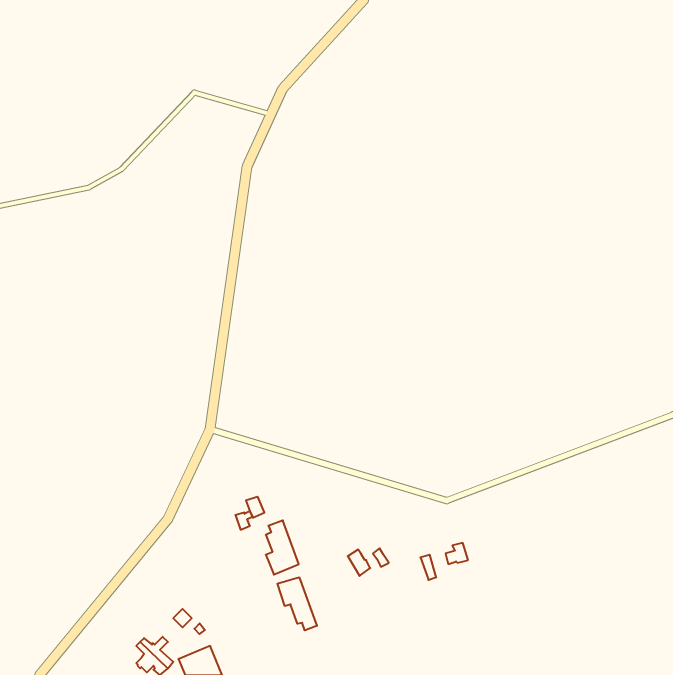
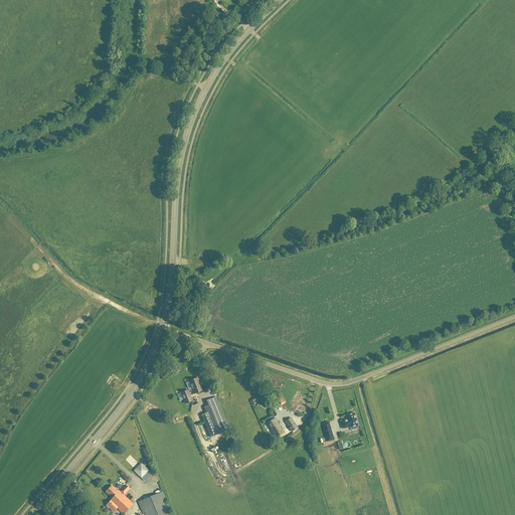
building: [277,577,317,630] -> none

